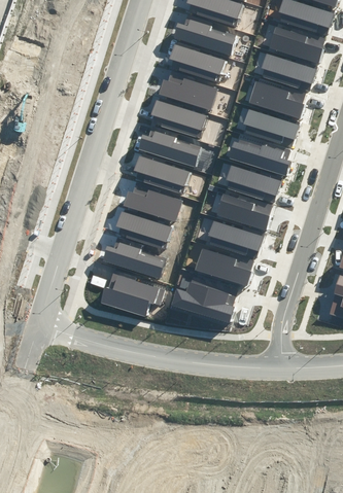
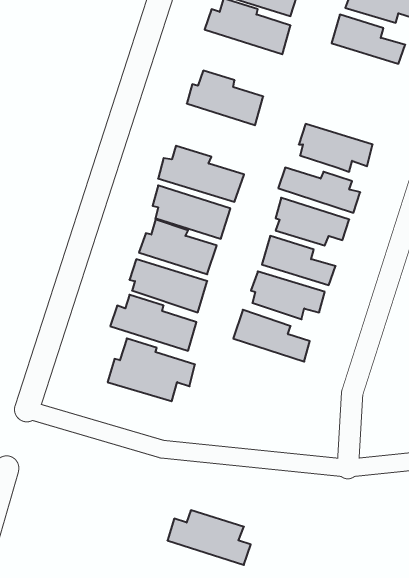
building: [169,42,228,81] -> none
building: [261,52,316,87] -> none
building: [247,81,306,119] -> none
building: [150,99,208,139] -> none
building: [170,281,233,322] -> [167,510,251,565]

